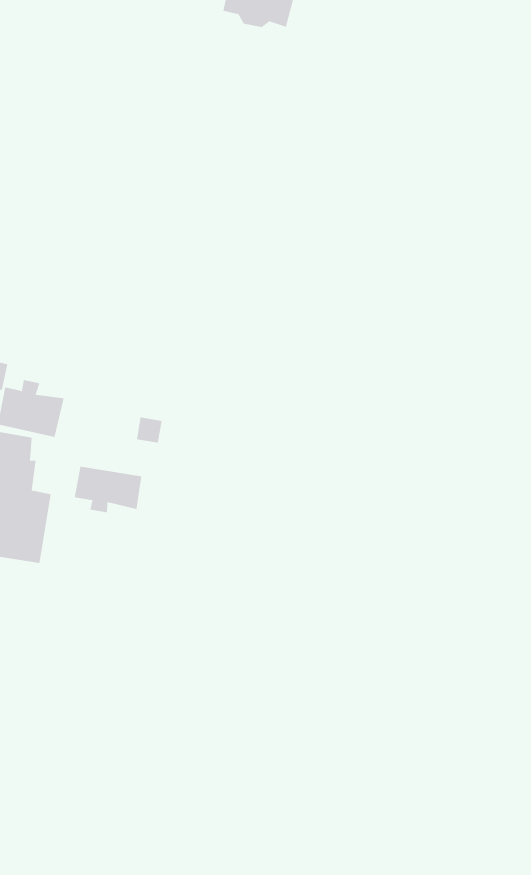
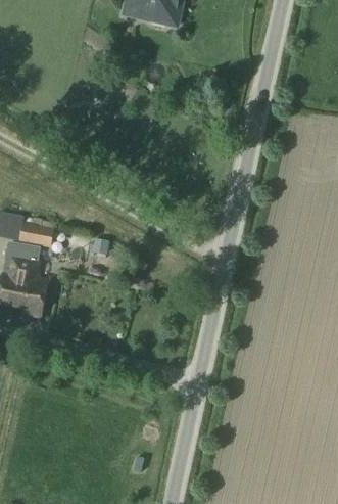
building: [74,466,142,513] -> none

